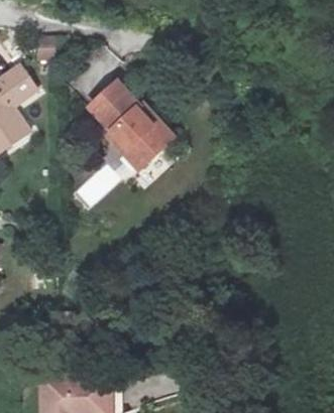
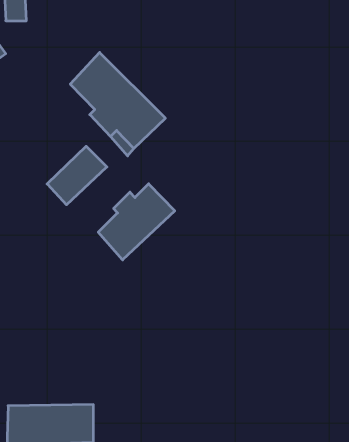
building: none -> [98,184,175,260]

